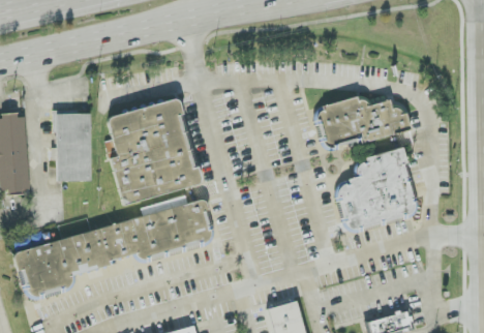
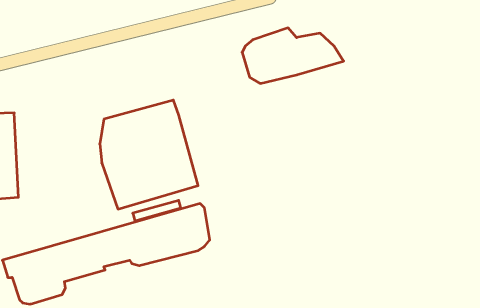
building: [314,95,413,149] -> [242,28,344,83]
building: [54,108,90,181] -> none
building: [338,147,417,229] -> none

